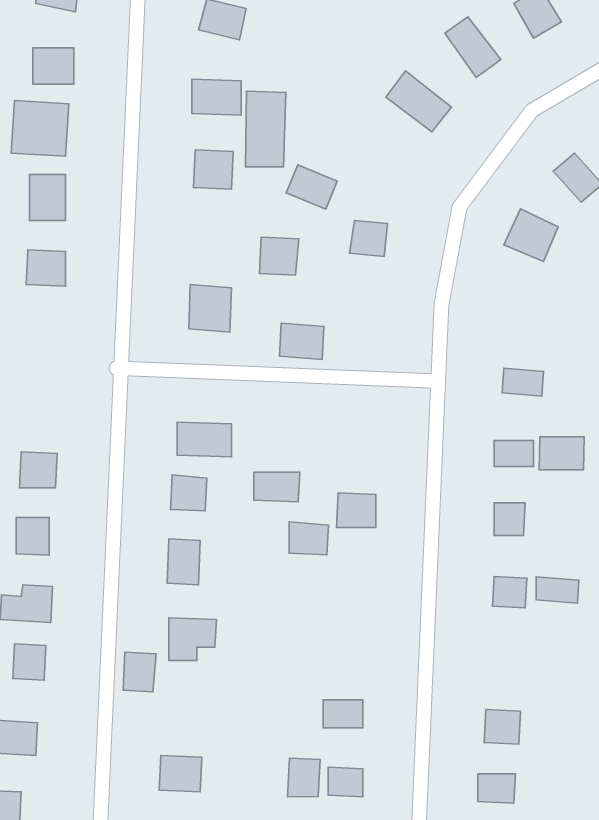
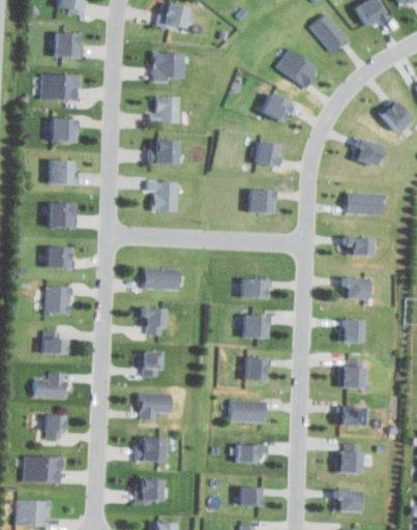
building: [246,91,286,167] -> none
building: [286,165,337,209] -> [261,92,293,120]
building: [260,237,299,275] -> [152,141,177,165]
building: none -> [350,190,387,215]
building: none -> [46,202,70,227]
building: [280,323,324,359] -> [249,190,277,213]
building: none -> [42,245,67,268]
building: [539,437,584,470] -> none
building: [254,472,300,502] -> [243,279,272,298]
building: [289,522,329,555] -> [245,358,270,379]
building: [536,577,579,603] -> [338,407,365,423]
building: none -> [232,401,266,420]
building: [123,652,156,692] -> [143,437,163,462]
building: [288,758,320,797] -> none

